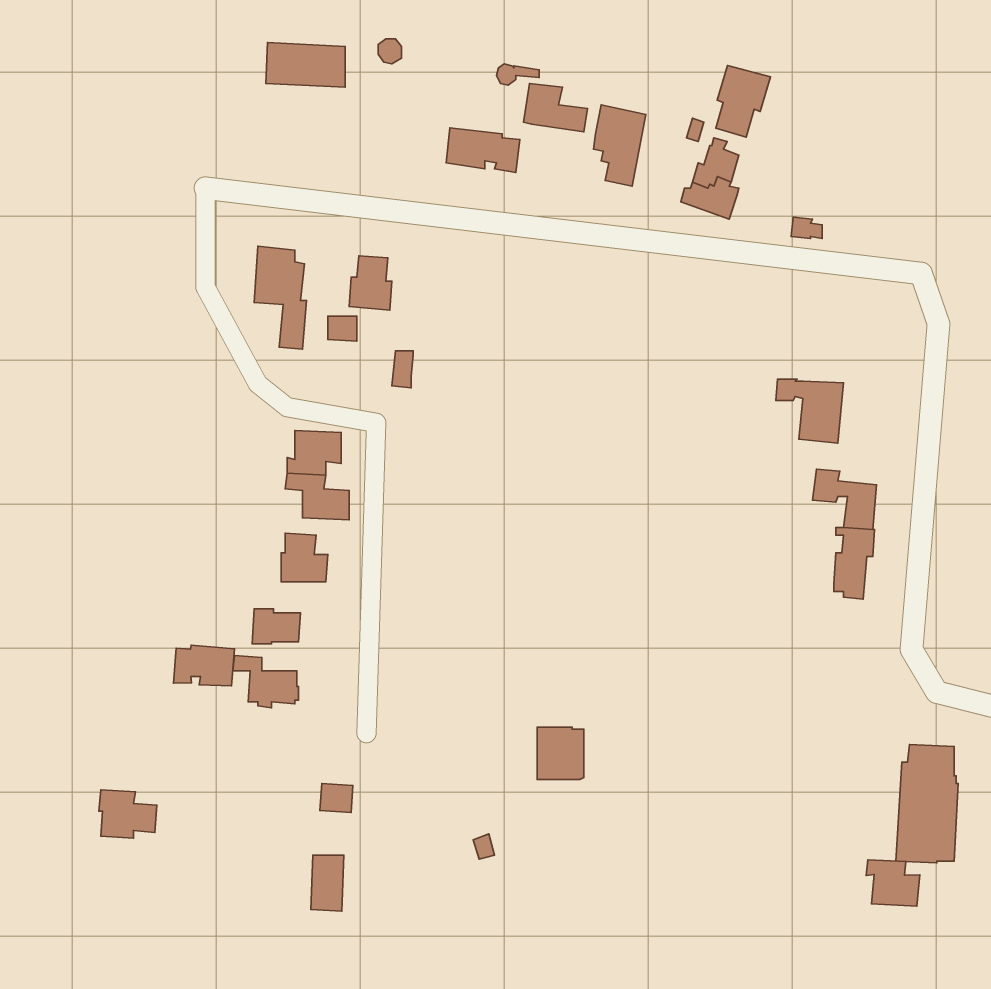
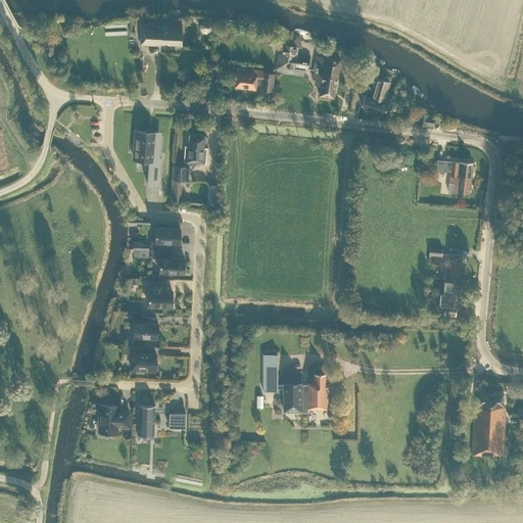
building: [716,65,770,137] -> none
building: [776,379,844,443] -> [436,161,472,195]
building: [174,645,234,686] -> none
building: none -> [262,354,283,392]
building: none -> [307,375,328,411]
building: [99,790,157,838] -> [99,406,130,431]
building: [311,855,344,911] -> [138,406,155,435]
building: [866,860,920,906] -> none

